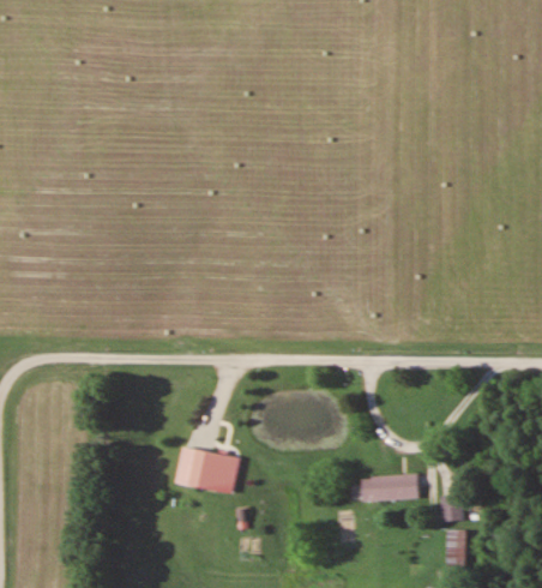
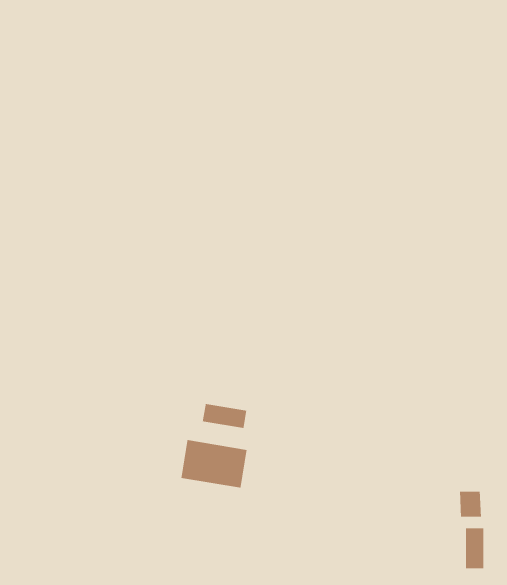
building: none -> [202,403,247,429]
building: [351,474,418,503] -> none

